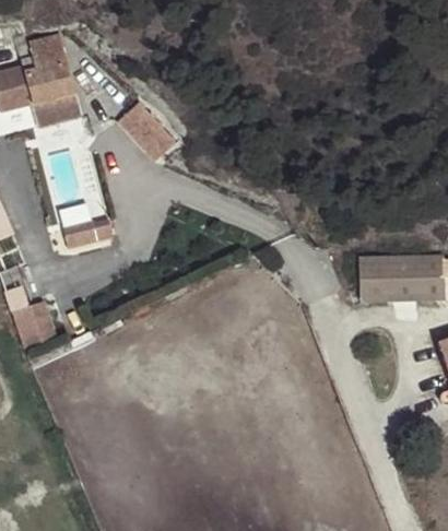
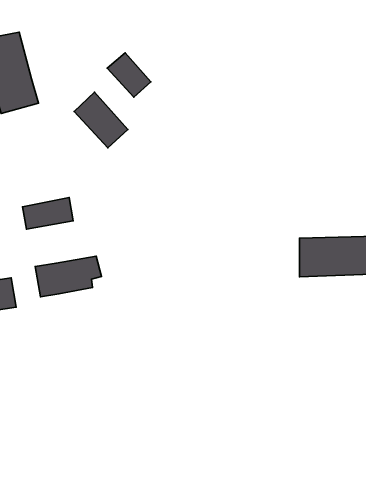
building: none -> [107,53,151,97]
building: none -> [35,256,101,297]

